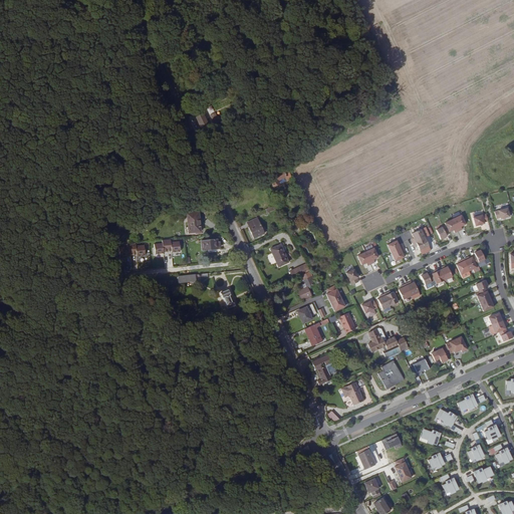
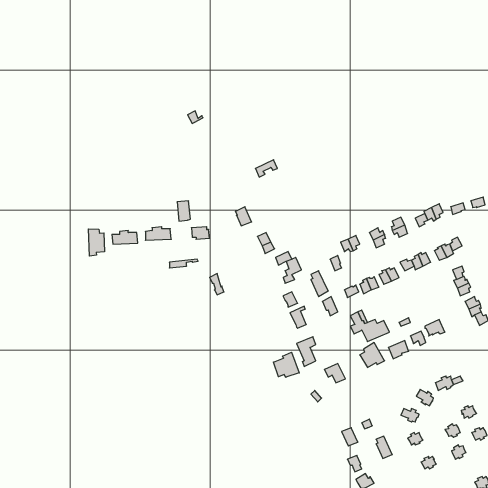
building: none -> [88,229,104,256]
building: none -> [273,352,299,377]

